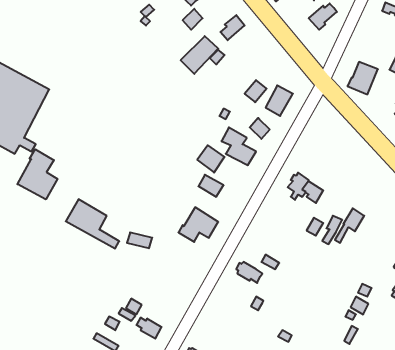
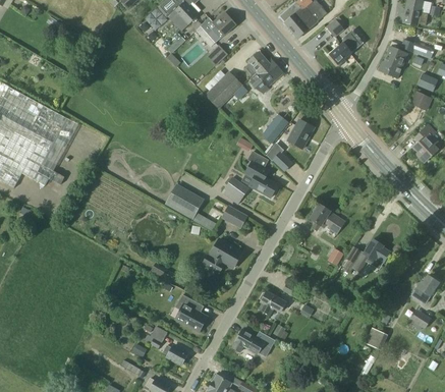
building: none -> [252,58,283,88]
building: [347,62,378,94] -> [378,46,407,77]
building: [17,149,57,199] -> none
building: [66,199,119,249] -> [164,182,216,230]
building: none -> [175,294,207,332]
building: none -> [231,329,270,356]

